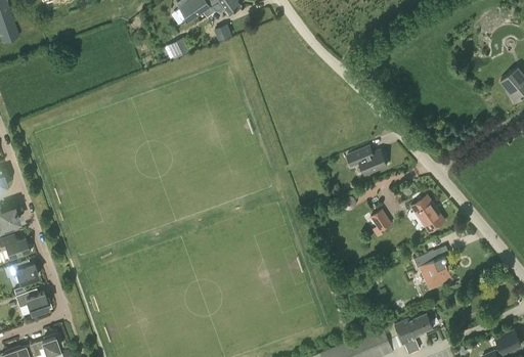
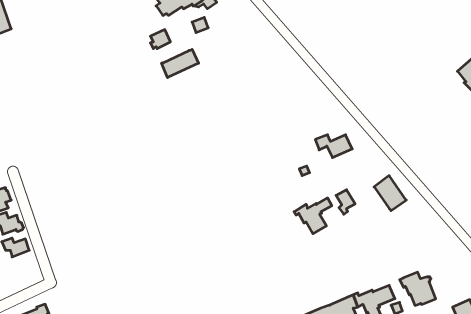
building: none -> [162,49,199,78]
building: none -> [294,198,332,234]
building: [413,252,452,287] -> [400,272,436,305]
building: [15,287,52,312] -> none

